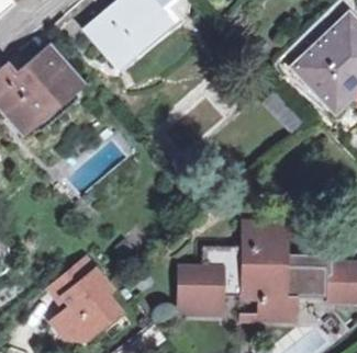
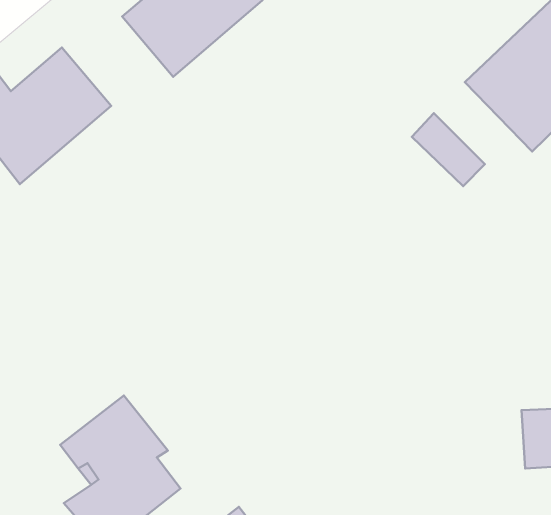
building: [181,232,310,318] -> none

